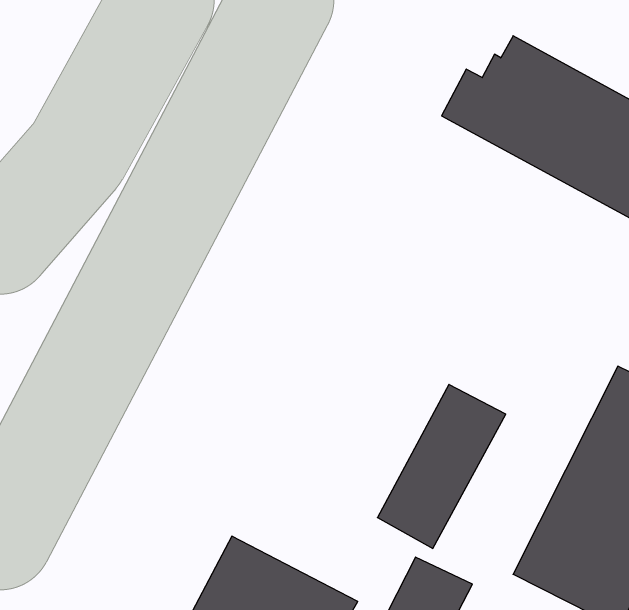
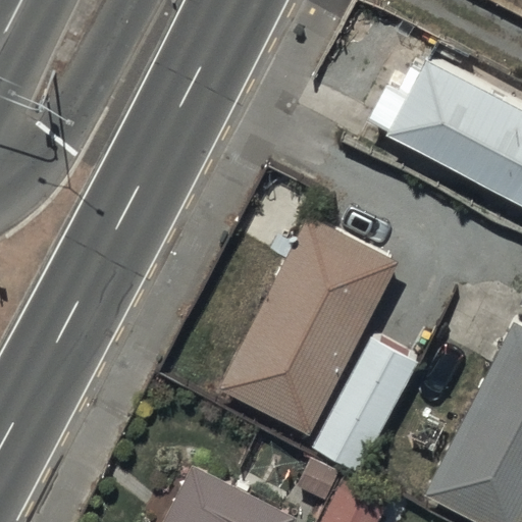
building: none -> [219,210,399,428]

